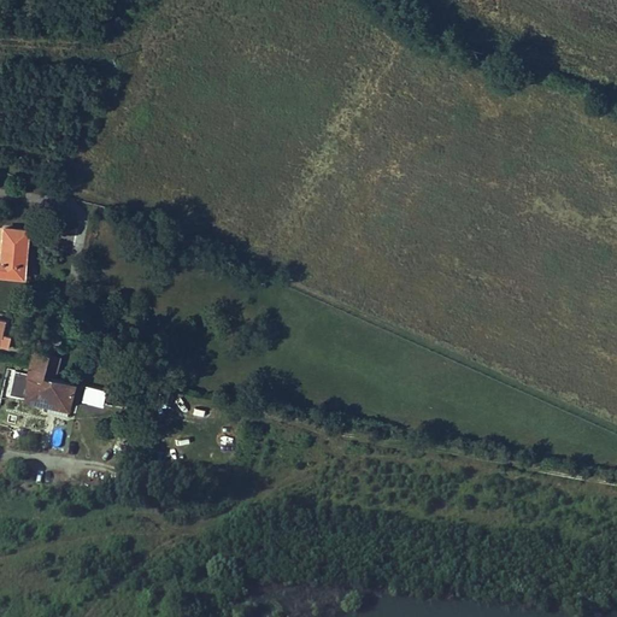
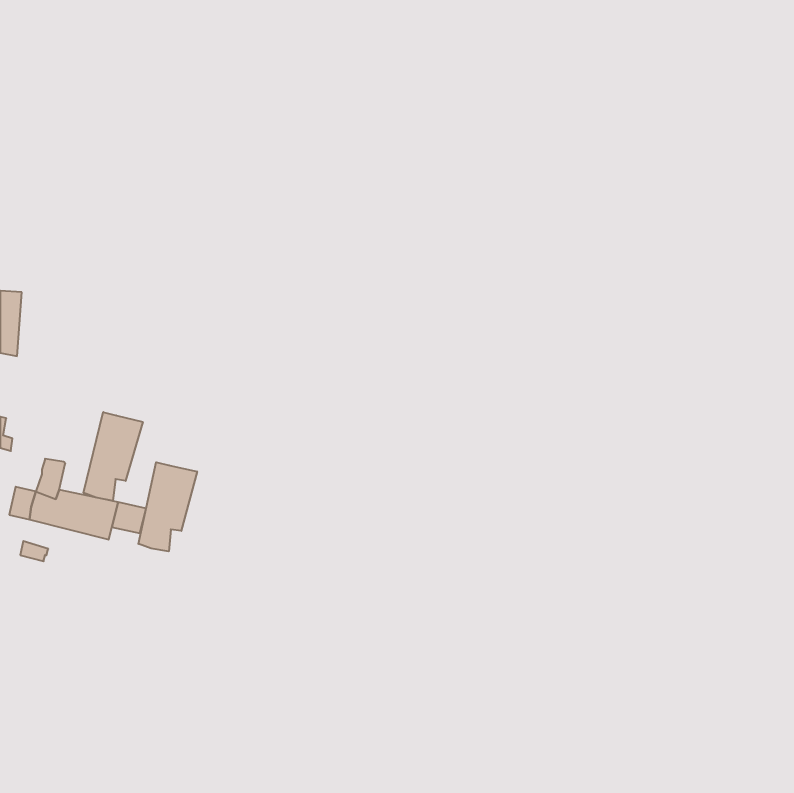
building: none -> [84,412,143,501]
building: none -> [138,462,197,551]

